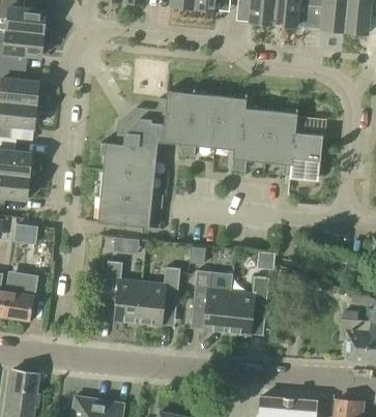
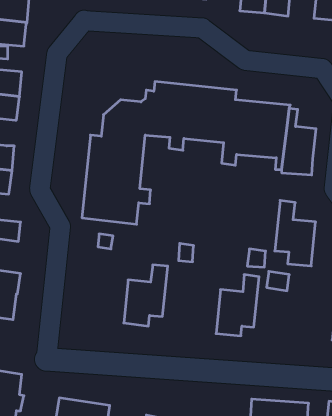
building: [103,261,142,323] -> none
building: [192,270,231,333] -> [275,200,316,266]

